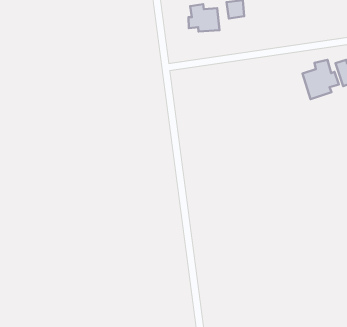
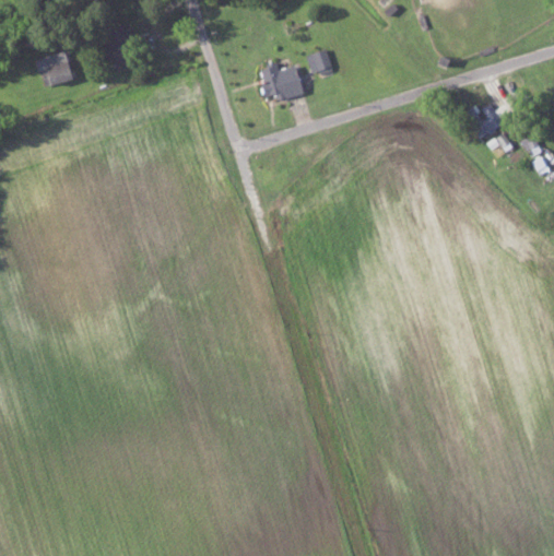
building: [303,60,339,99] -> none

